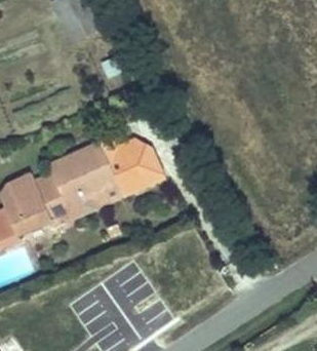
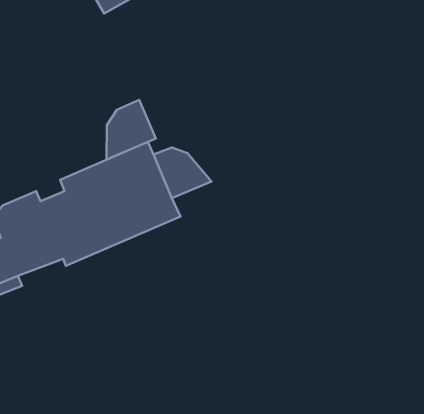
building: none -> [107,100,156,159]

